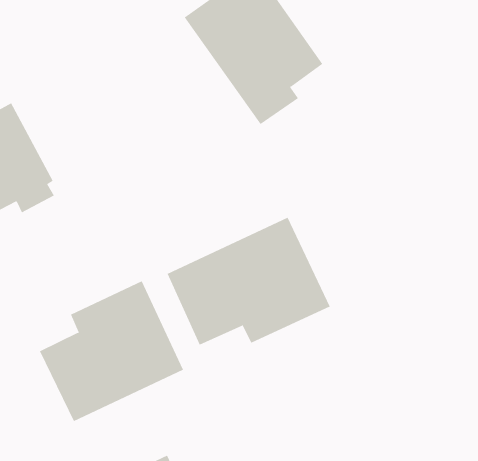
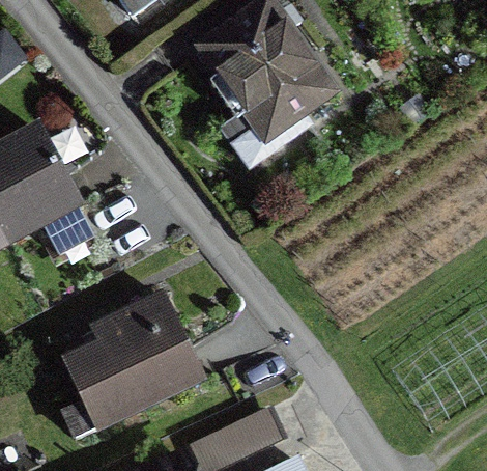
building: [167,217,330,346] -> none

